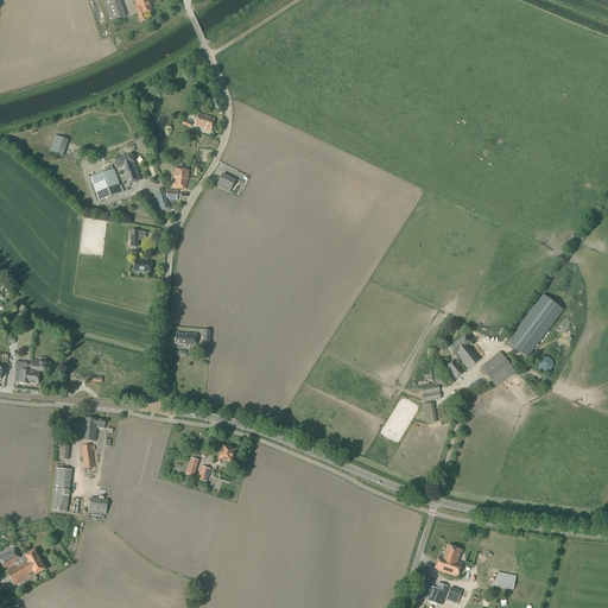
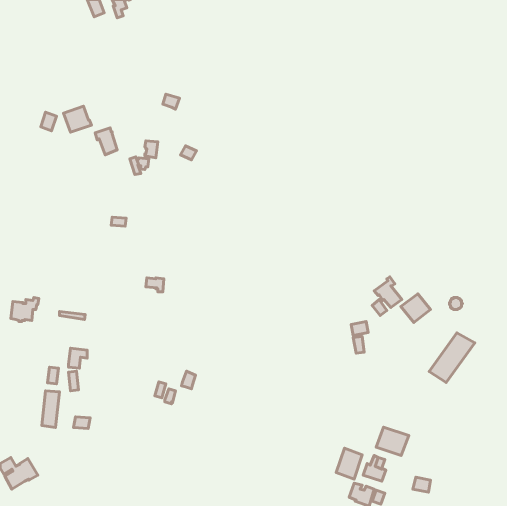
building: [90,169,124,200] -> [64,106,91,132]
building: [508,297,563,356] -> [429,333,475,382]
building: none -> [376,427,409,455]
building: none -> [336,448,362,479]

